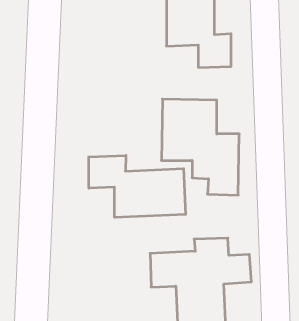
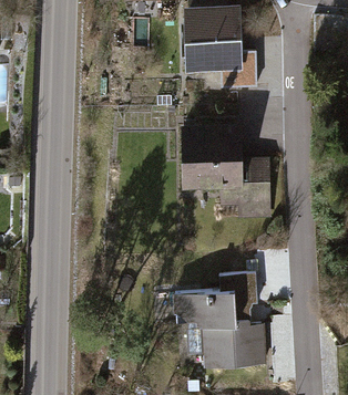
building: [89,155,186,217] -> none

